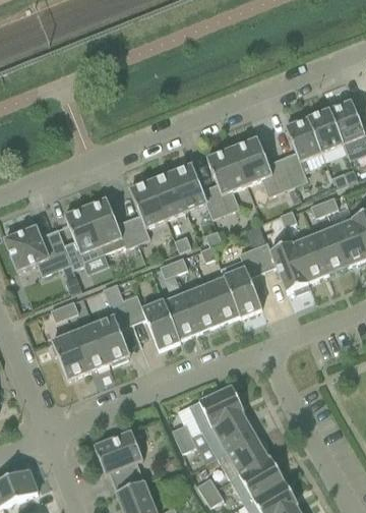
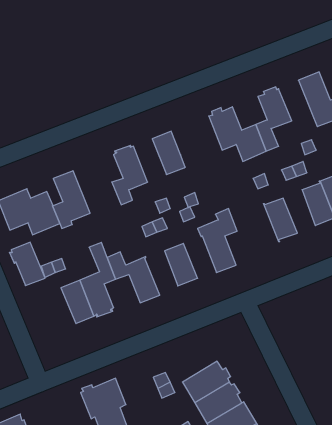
building: [307,109,343,153] -> none
building: [201,148,246,219] -> none
building: [150,172,186,219] -> none
building: [85,198,137,252] -> none
building: [312,227,347,274] -> none
building: [253,242,308,293] -> none
building: [204,277,240,323] -> none
building: [163,293,198,341] -> none
building: [50,333,88,380] -> [9,242,45,286]
building: [188,385,244,435] -> none

